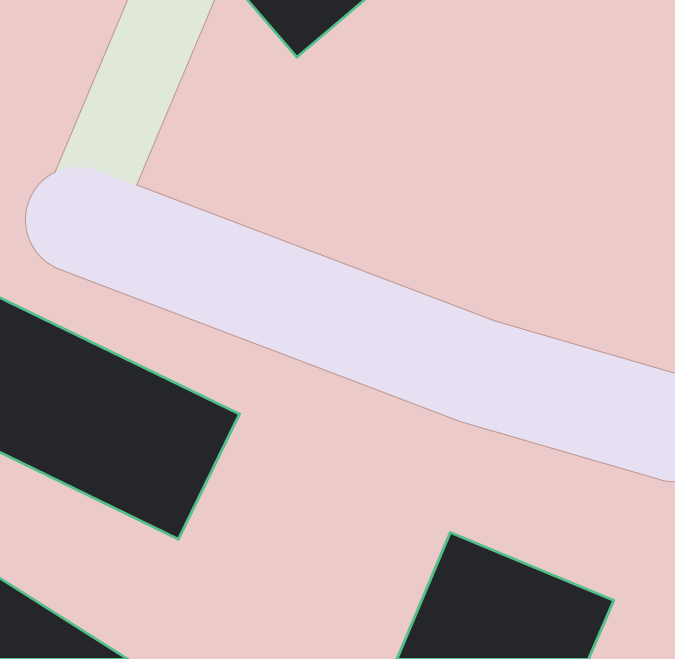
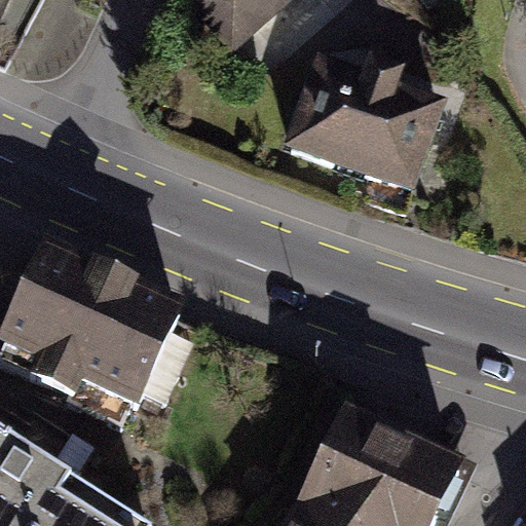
building: none -> [279,55,443,194]

